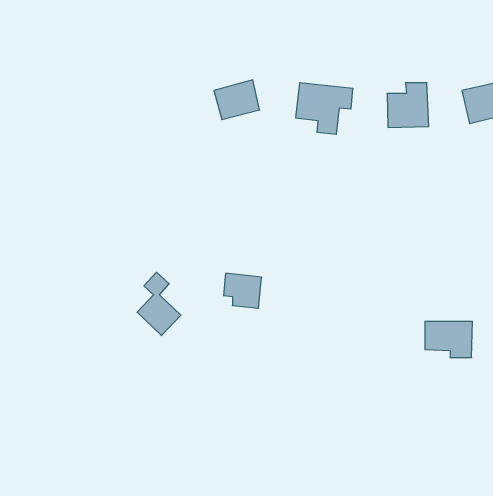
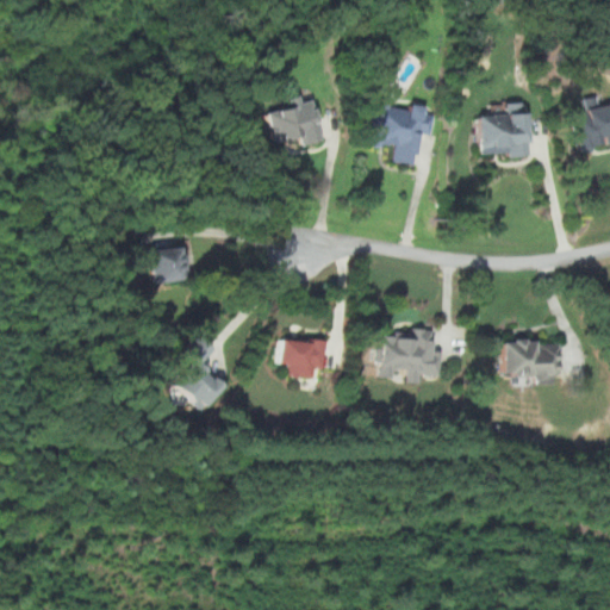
building: none -> [138,248,189,282]
building: none -> [379,331,443,384]
building: [425,321,472,357] -> [503,341,561,385]

